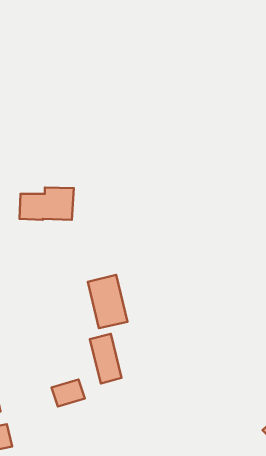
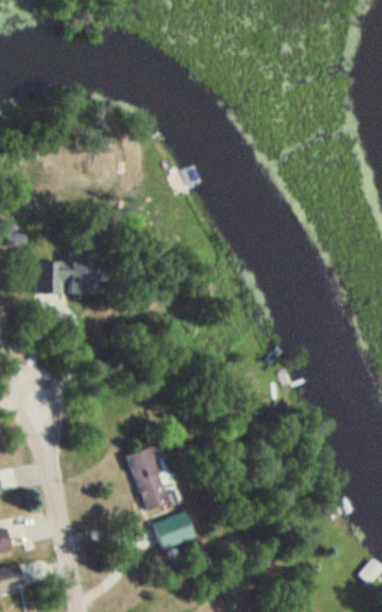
building: [88,275,128,328] -> none
building: [51,380,85,407] -> [153,513,197,549]

